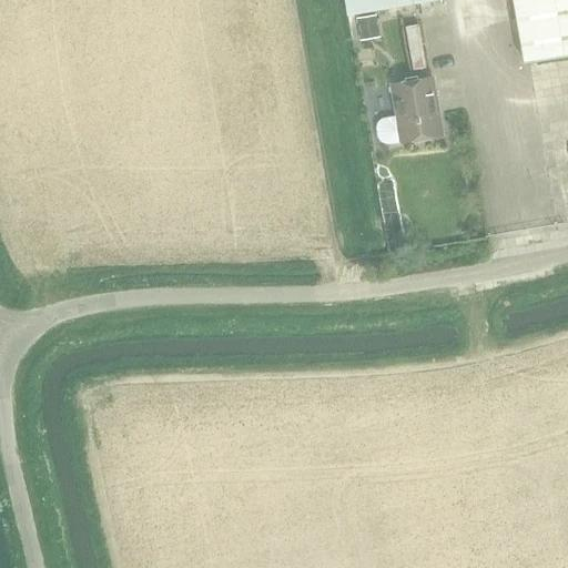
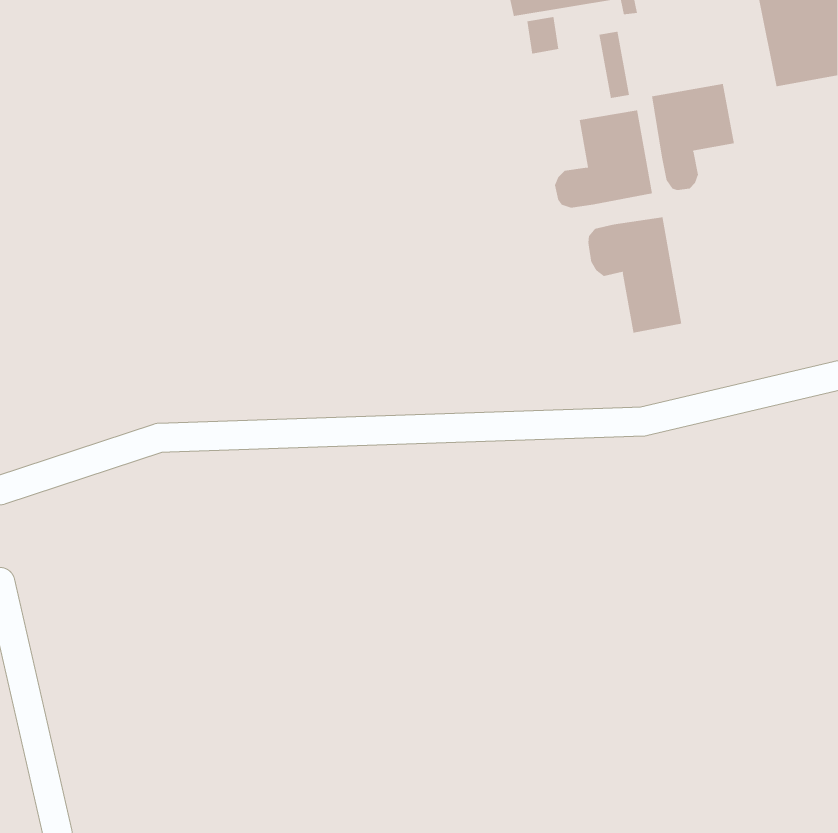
building: none -> [652,83,734,191]
building: none -> [588,217,682,333]

